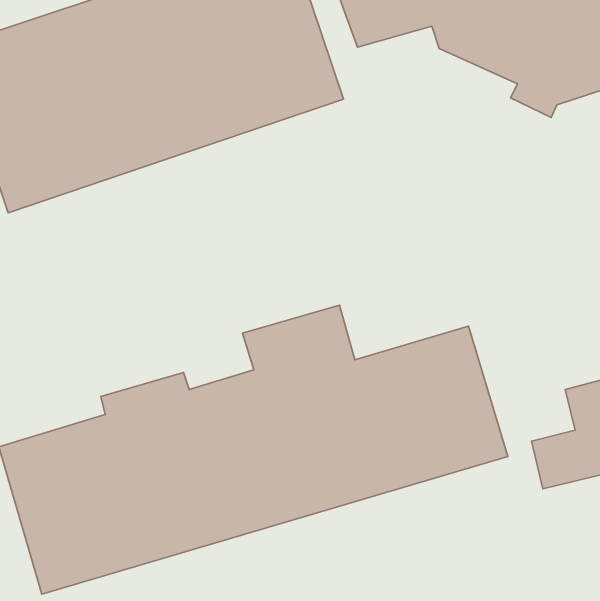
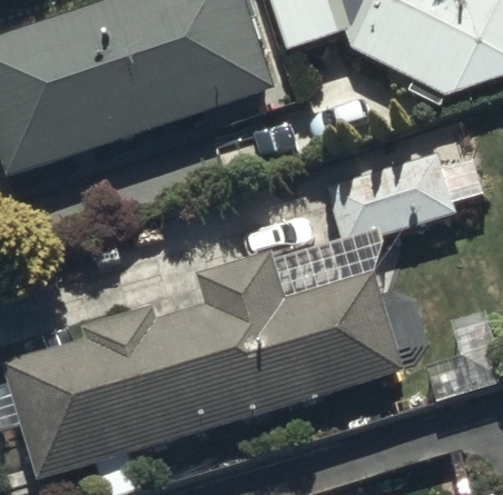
building: none -> [315,150,455,246]

